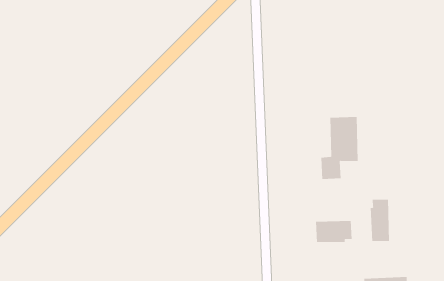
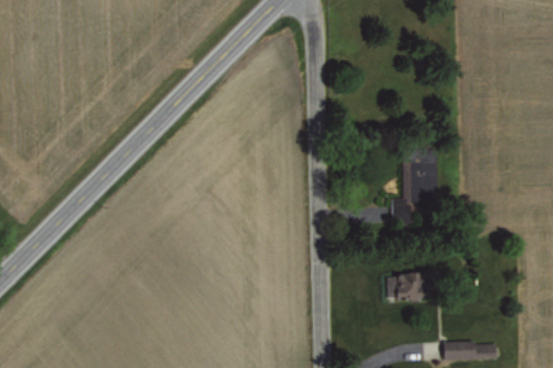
building: [370,199,390,242] -> none

